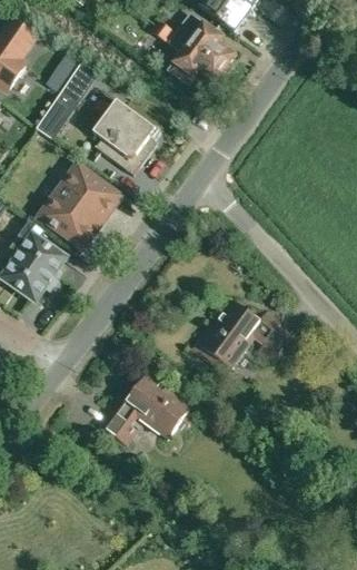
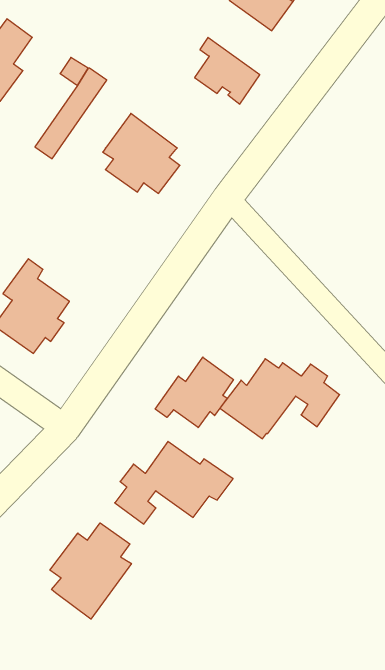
building: [176,13,236,67] -> none
building: [41,166,118,245] -> none
building: none -> [155,357,233,428]
building: none -> [50,523,131,619]

